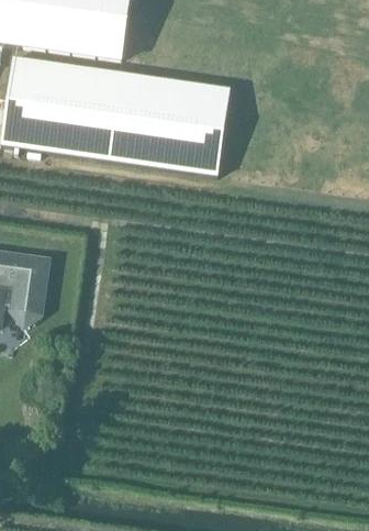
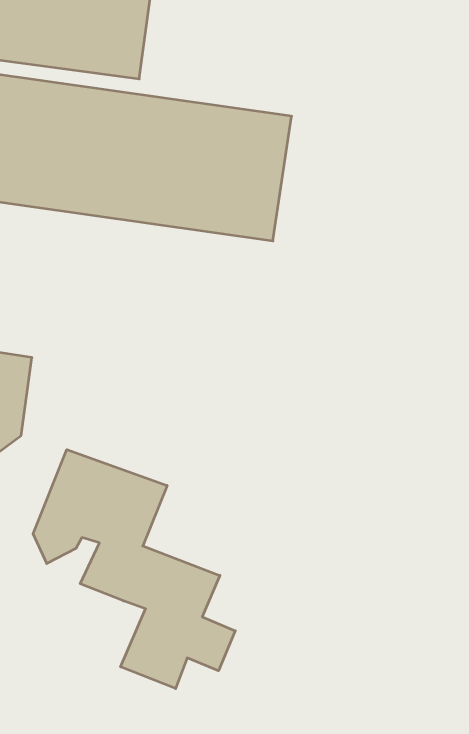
building: none -> [33,450,235,689]

